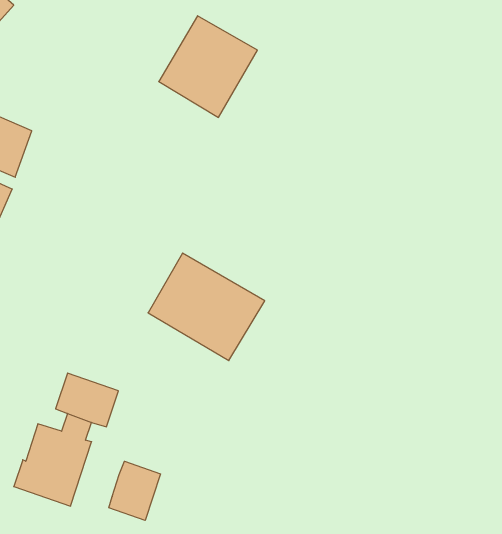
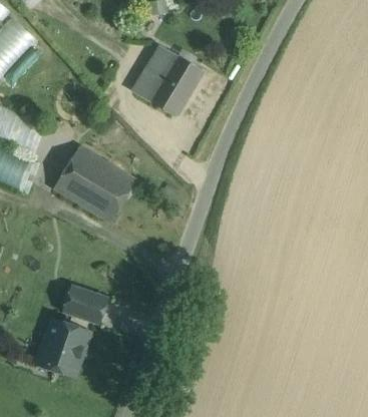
building: [148,253,265,361] -> [59,145,137,218]
building: [109,461,161,520] -> none

